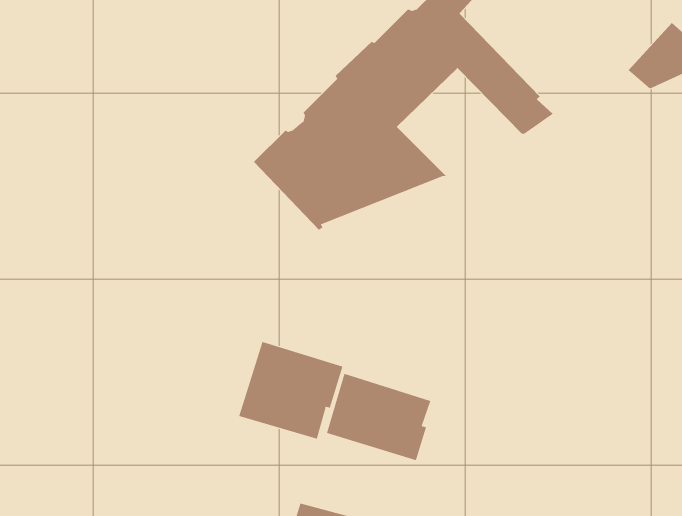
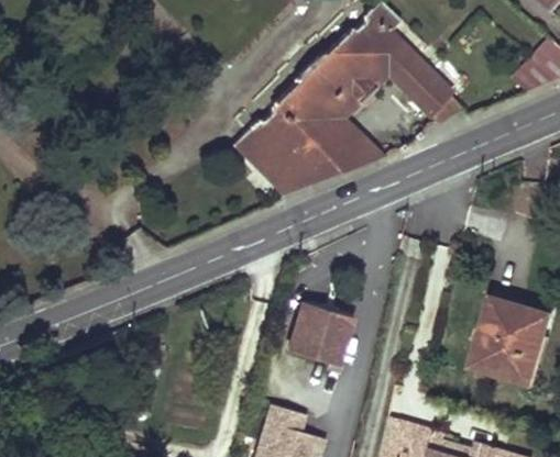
building: [238,341,343,439] -> none
building: none -> [471,298,550,384]

